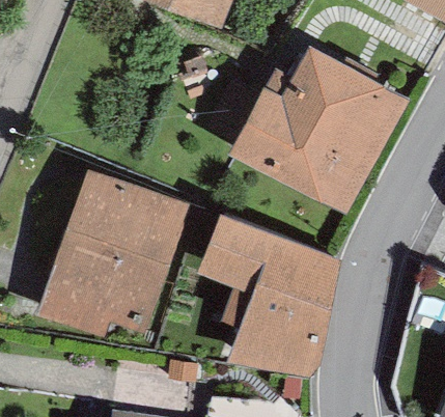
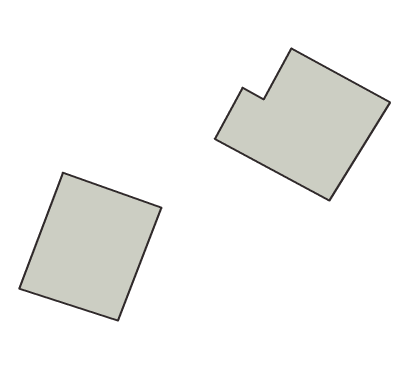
building: [202,216,330,357] -> none

